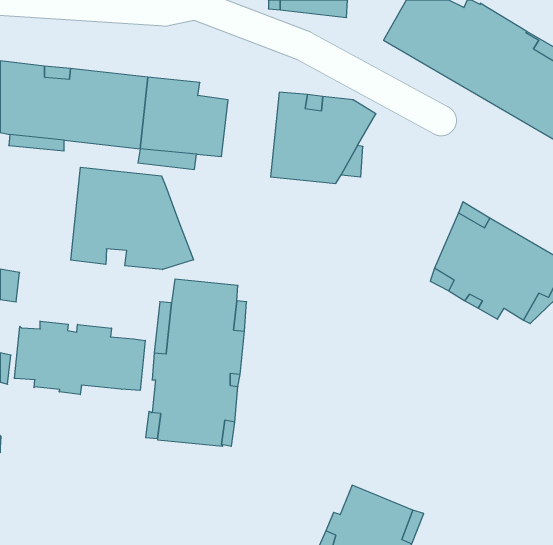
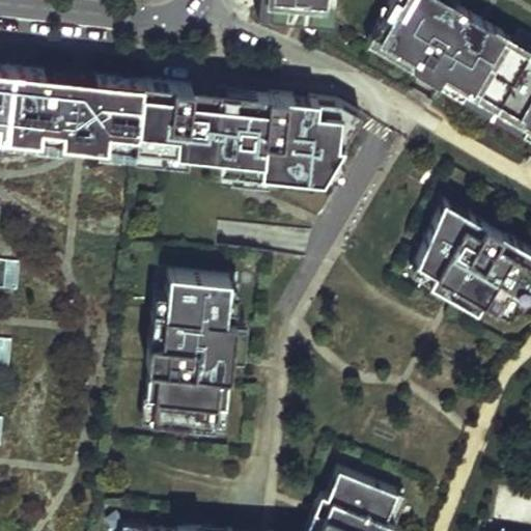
building: none -> [191,88,269,178]
building: [71,167,194,270] -> none
building: [14,321,145,395] -> none

